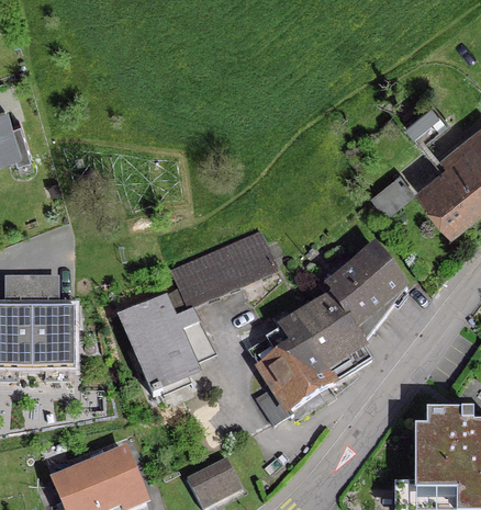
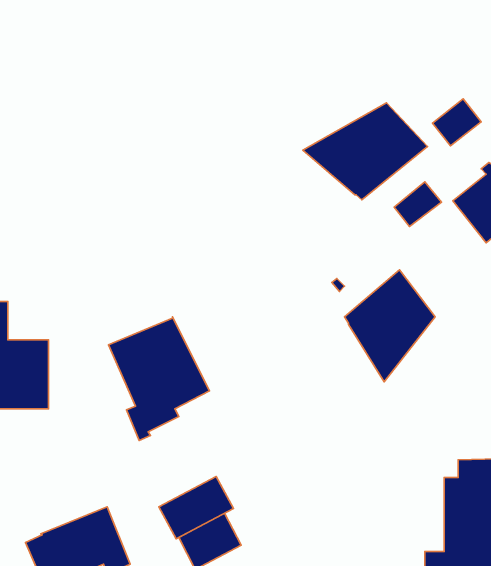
building: none -> [303,103,427,200]
building: [170,230,276,305] -> none
building: [247,294,371,423] -> none
building: none -> [159,476,234,539]

